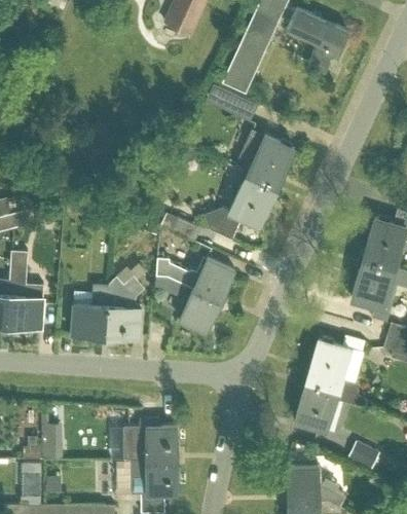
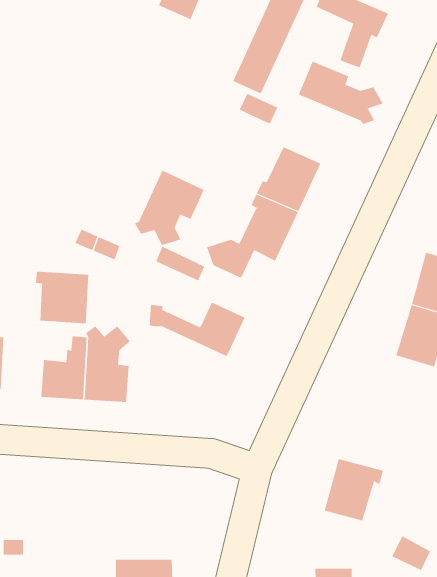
building: none -> [298,61,384,125]
building: none -> [134,170,204,246]
building: none -> [36,271,89,324]
building: [179,290,219,333] -> none
building: [306,338,364,392] -> none
building: [123,421,176,462] -> none

